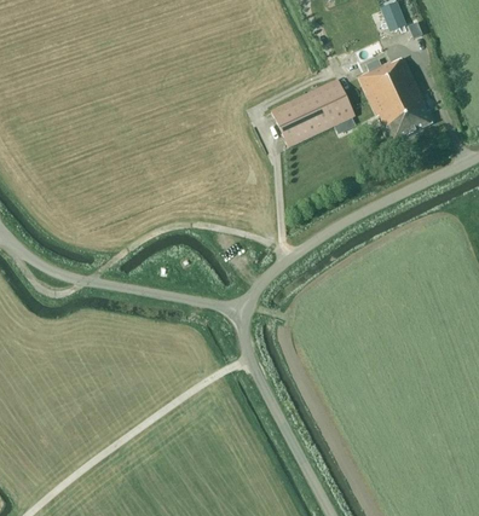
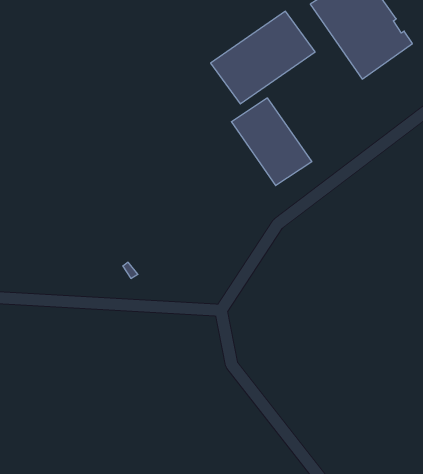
building: none -> [231,98,312,186]

